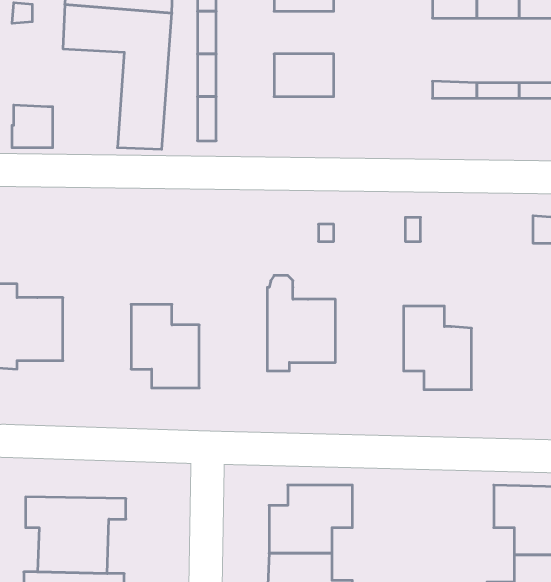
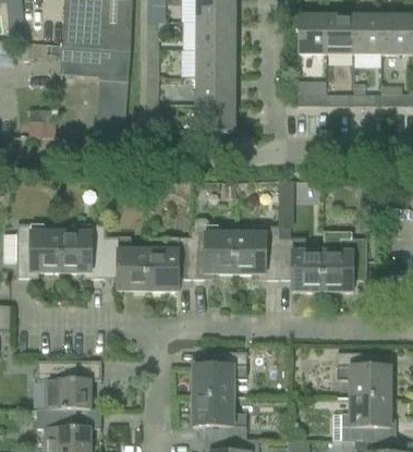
building: none -> [196,49,234,76]
building: none -> [196,103,234,132]
building: none -> [61,223,106,278]
building: none -> [148,225,192,291]
building: none -> [235,225,279,279]
building: none -> [323,231,366,292]

